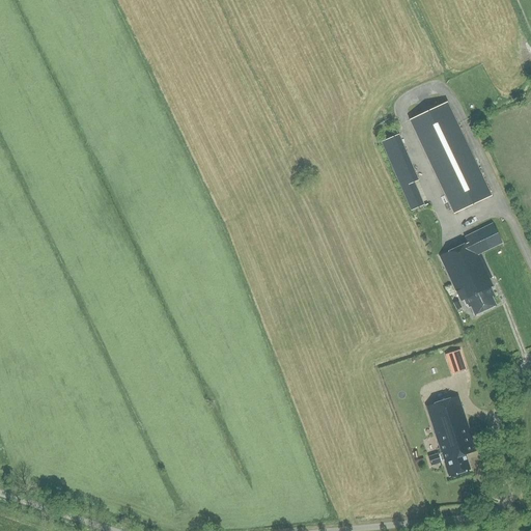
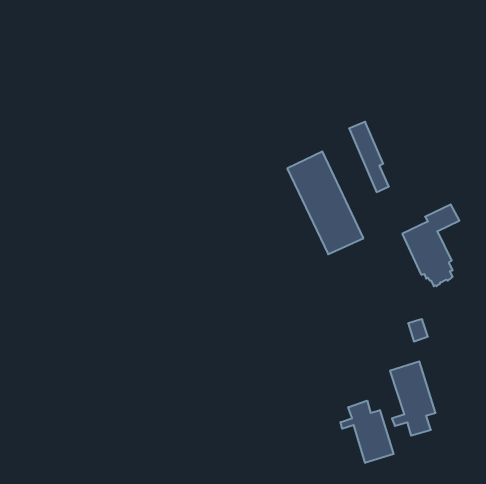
building: [409,100,492,212] -> [287,151,363,254]
building: none -> [340,401,394,463]

